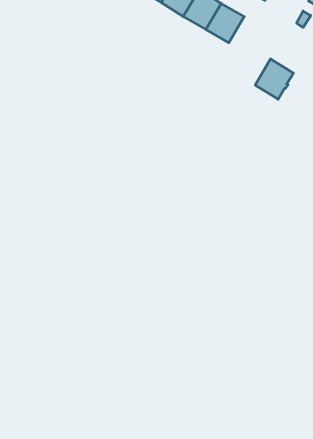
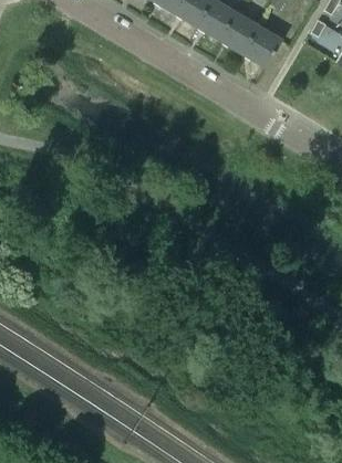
building: [255,59,293,99] -> [243,25,282,66]

